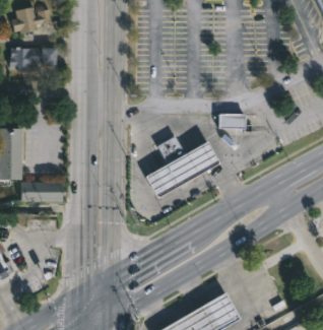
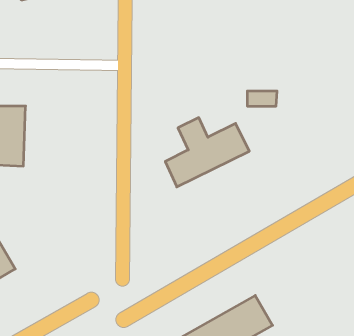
building: [8,47,57,72] -> none
building: [22,182,64,200] -> none

